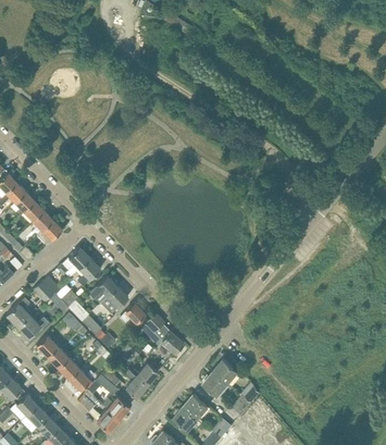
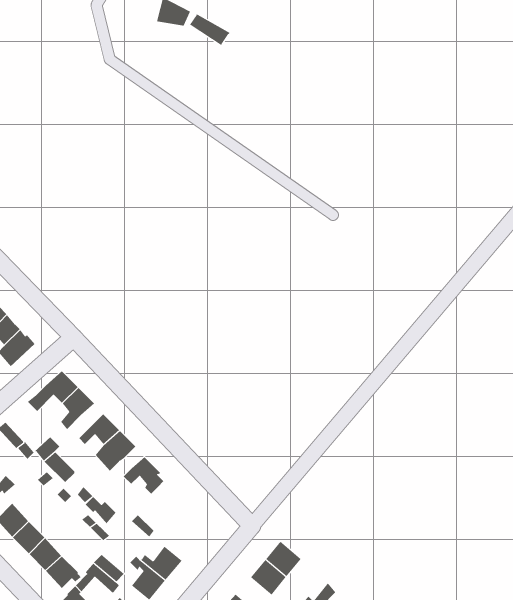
building: [142,312,184,353] -> none

